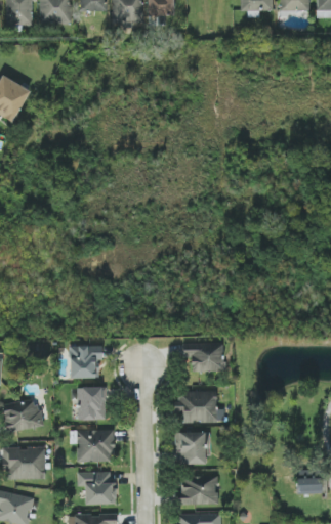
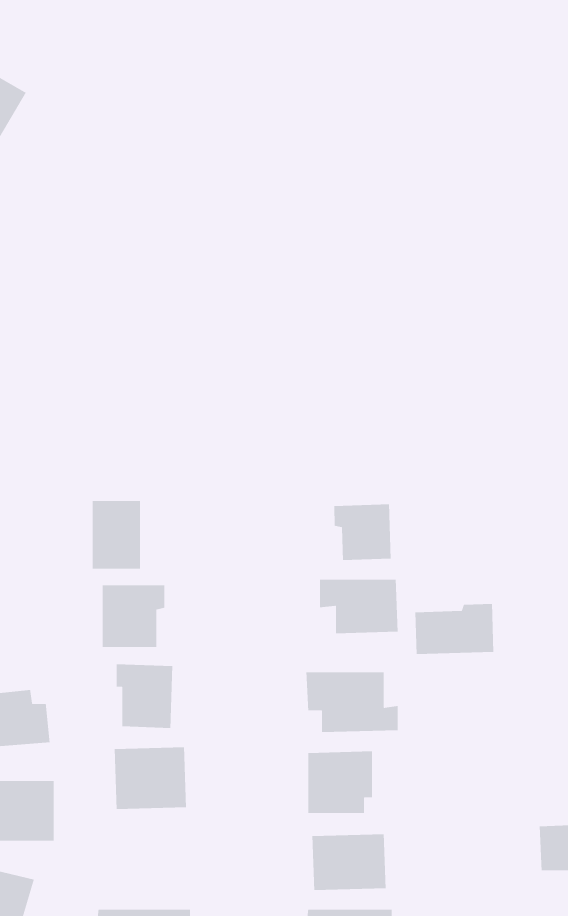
building: none -> [92,500,141,570]
building: none -> [333,504,391,561]
building: none -> [414,603,494,655]
building: [77,471,115,504] -> none

